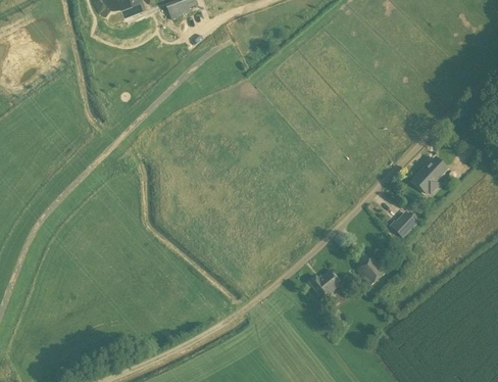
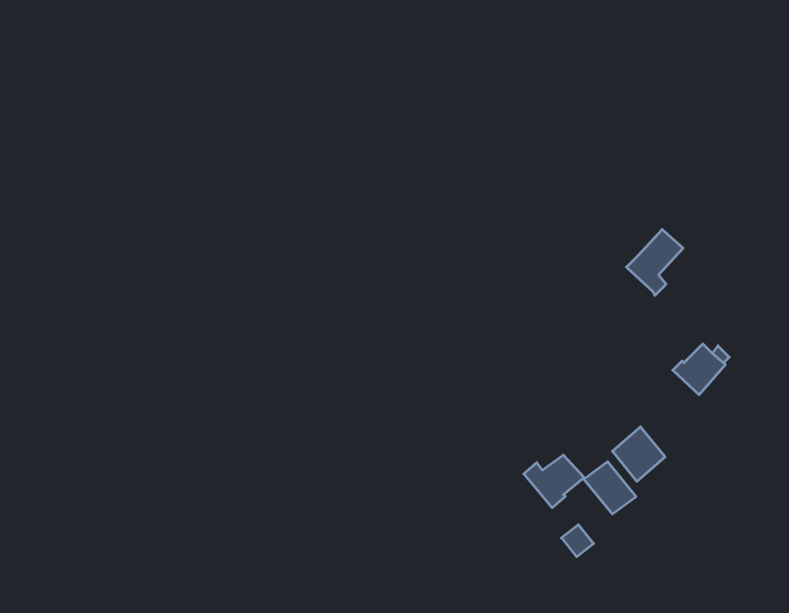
building: [415,156,446,192] -> [626,229,683,295]
building: none -> [584,462,636,514]

